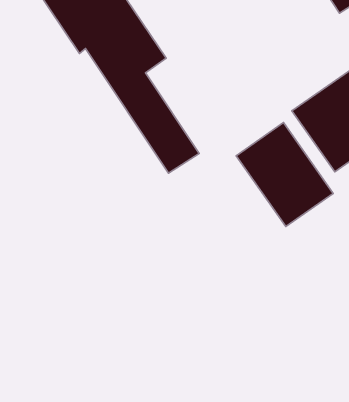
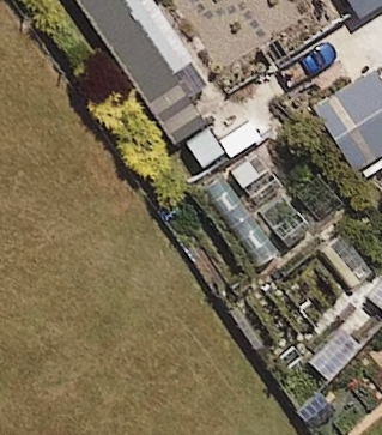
building: [236,123,333,226] -> none

